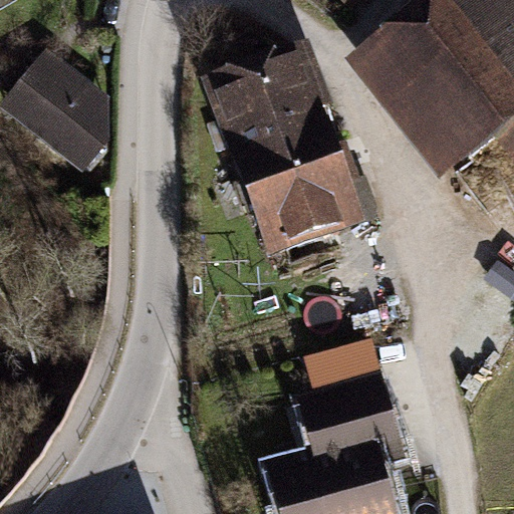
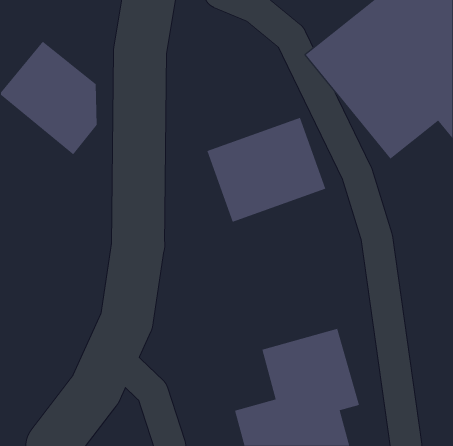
building: [201,41,340,171] -> none

